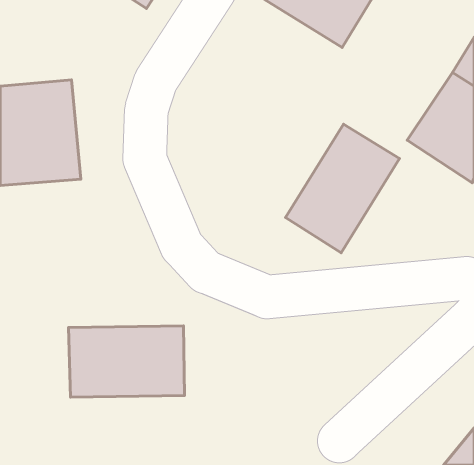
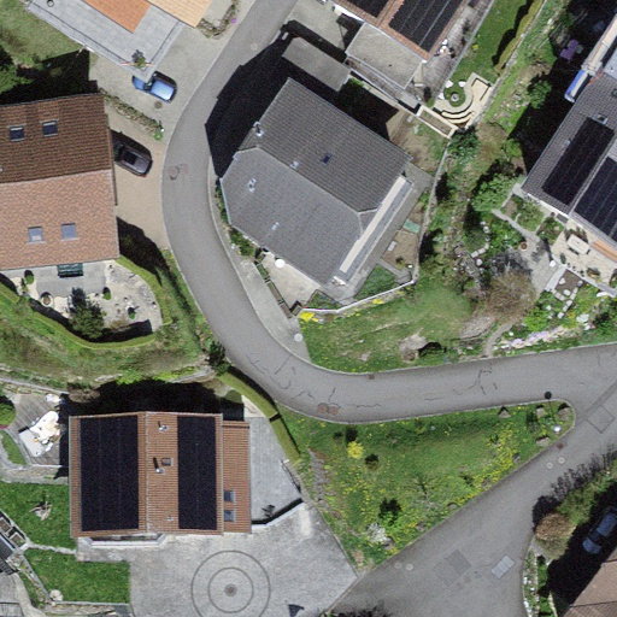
building: none -> [231,98,395,257]
building: [285,124,399,253] -> none

